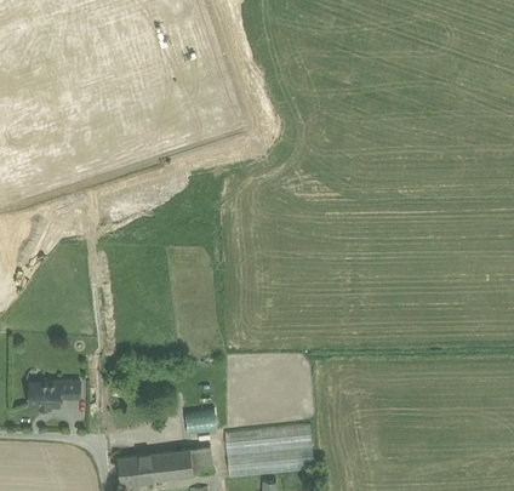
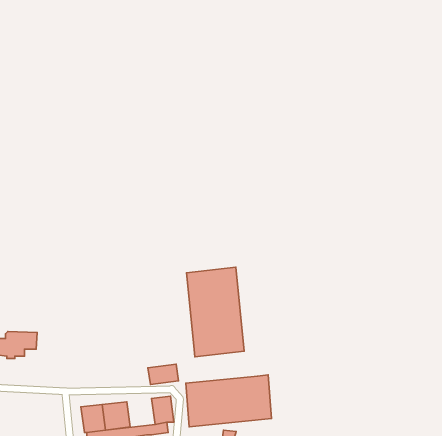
building: none -> [187,267,244,357]
building: [165,449,194,478] -> none

